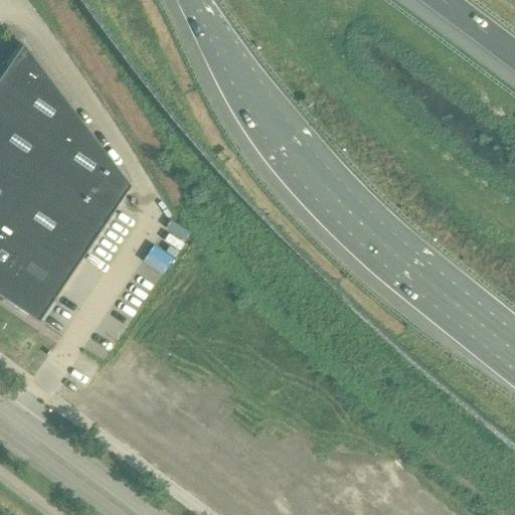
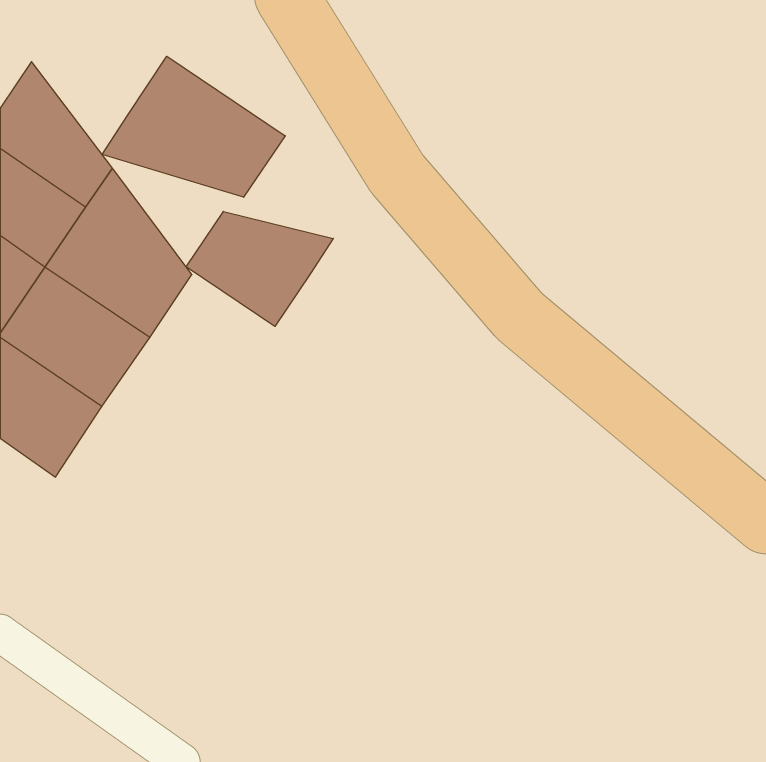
building: none -> [102,56,285,197]
building: none -> [186,211,333,326]

